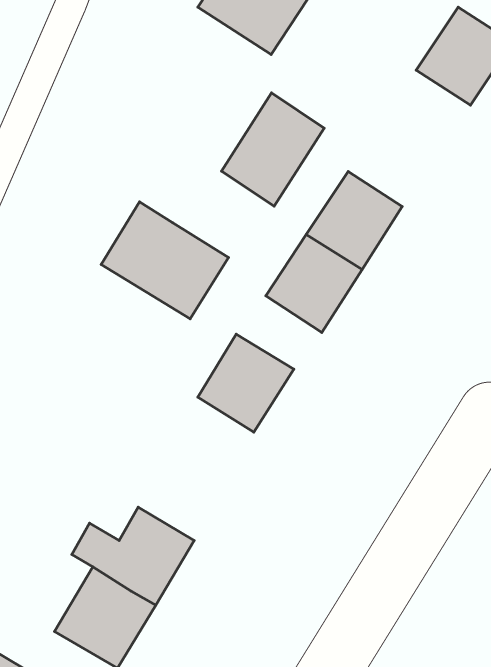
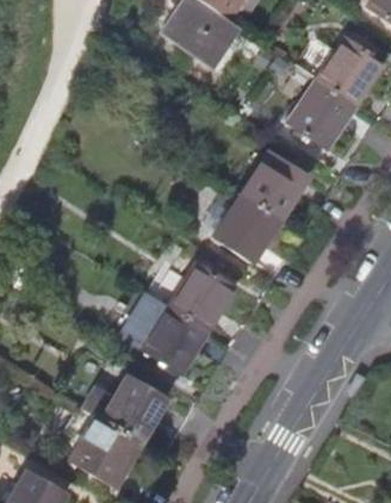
building: none -> [290,81,354,147]
building: [222,93,324,206] -> none
building: [101,202,229,319] -> [119,290,206,370]

